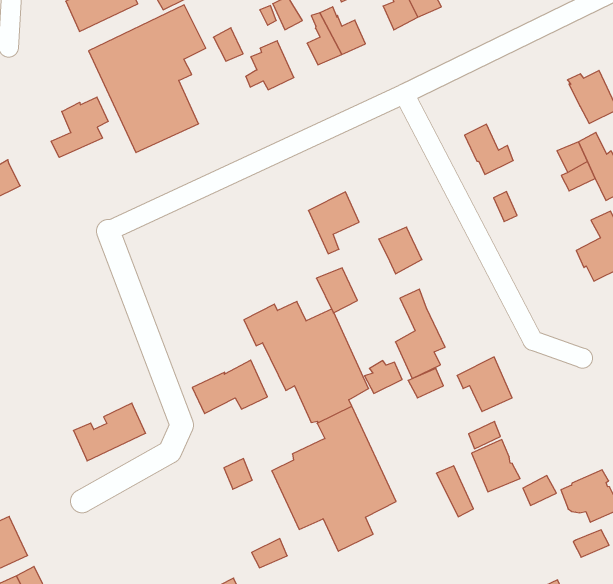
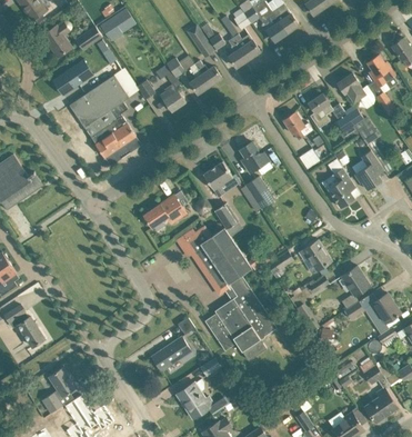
building: [51,97,108,157] -> none
building: none -> [308,93,333,129]
building: none -> [240,141,268,173]
building: [395,289,445,379] -> [326,158,355,208]
building: [192,360,267,414] -> [143,195,185,228]
building: [73,403,146,461] -> [151,336,191,371]
building: [472,440,520,492] -> [341,266,370,296]

